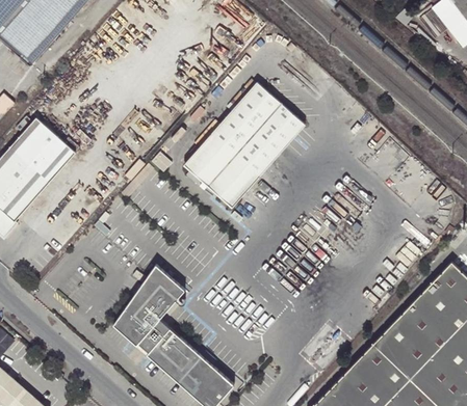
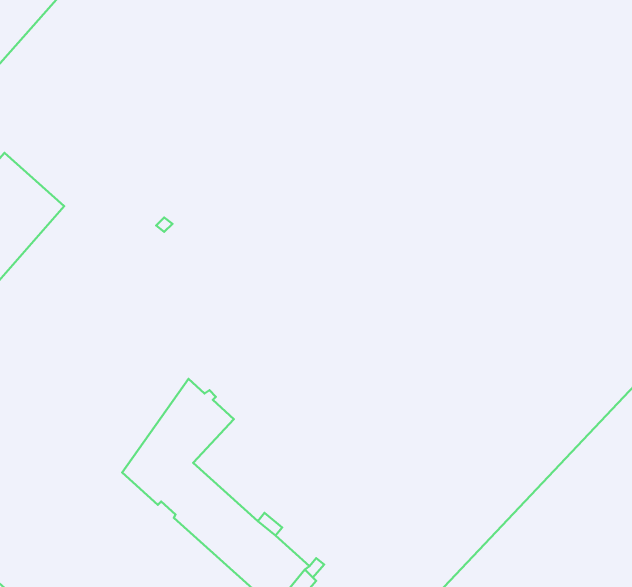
building: [183,82,305,207] -> none

